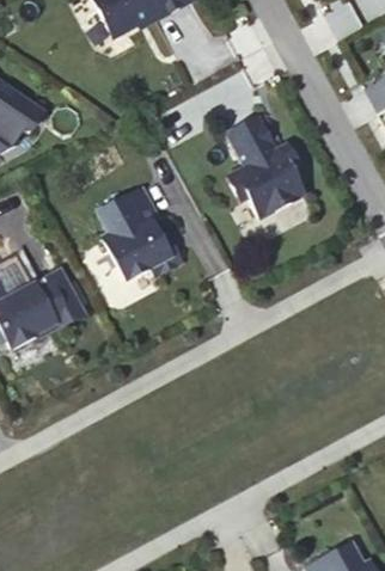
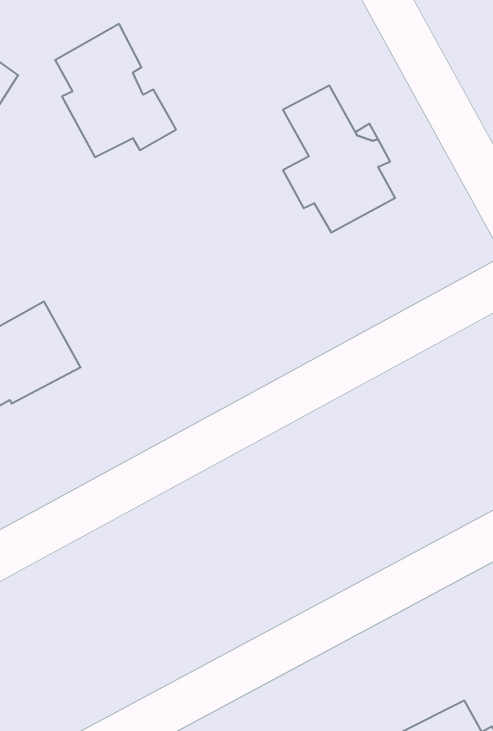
building: [98,185,182,277] -> [55,24,176,157]

